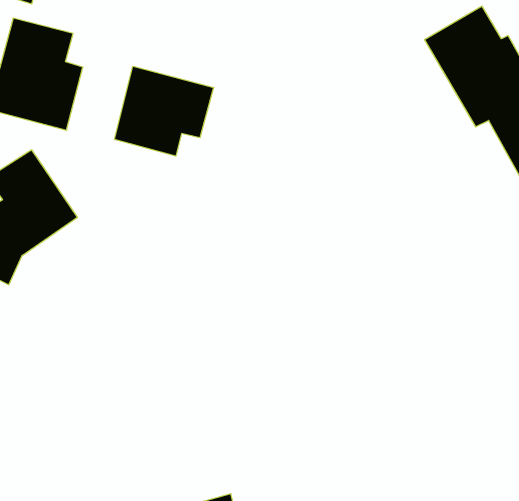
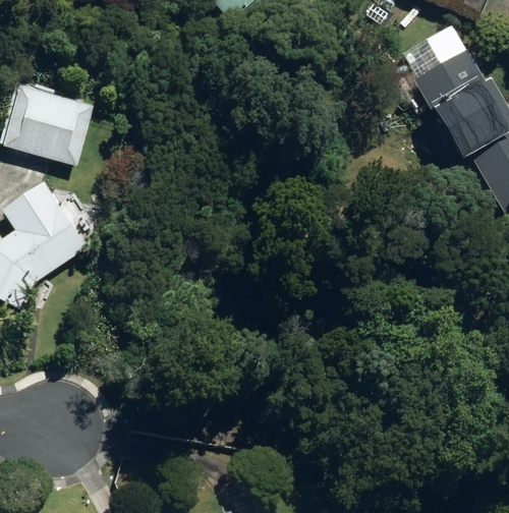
building: [115,66,214,156] -> none

